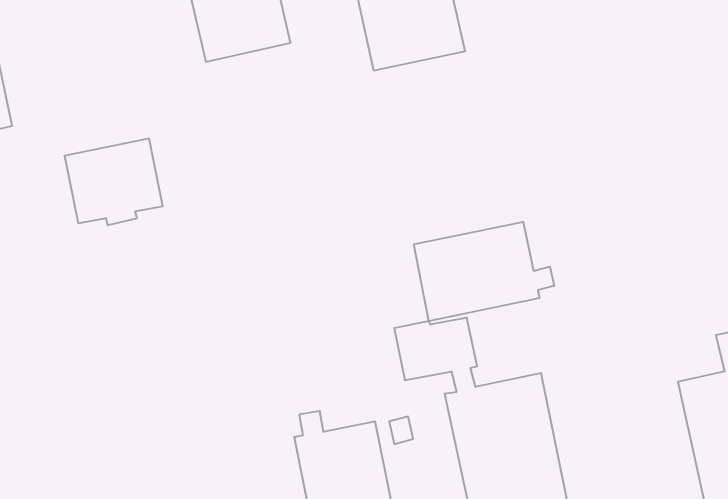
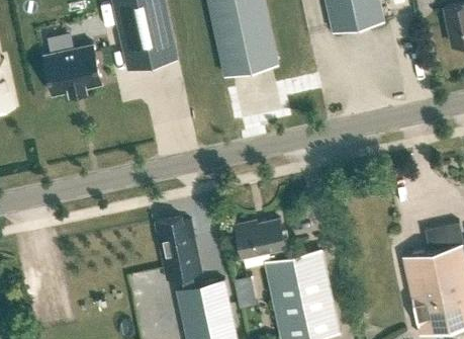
building: [64,139,163,225] -> [43,44,101,94]
building: [414,222,554,321] -> none
building: none -> [156,216,202,278]

